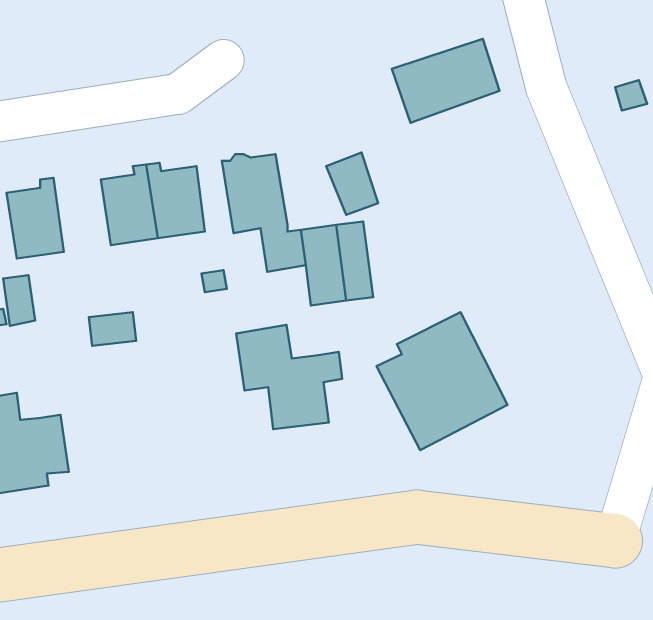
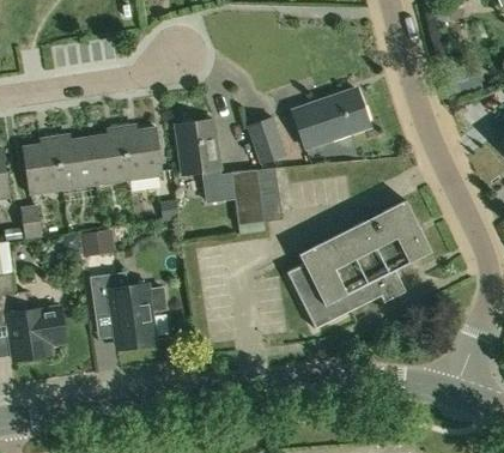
building: [392,39,500,123] -> [292,89,369,149]
building: none -> [55,134,96,188]
building: none -> [345,200,431,304]
building: [236,325,342,429] -> [90,271,165,345]

